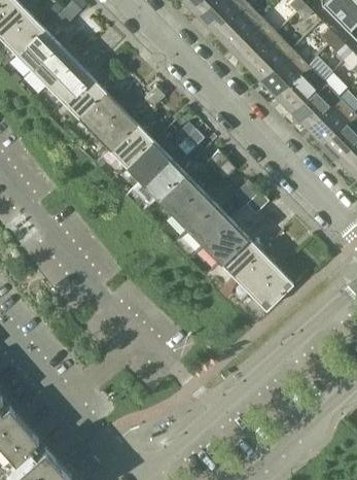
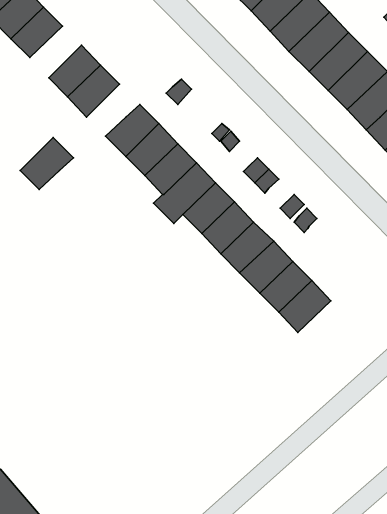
building: [33,44,75,87] -> none
building: [79,92,122,134] -> [20,138,73,189]
building: [251,268,293,310] -> none

